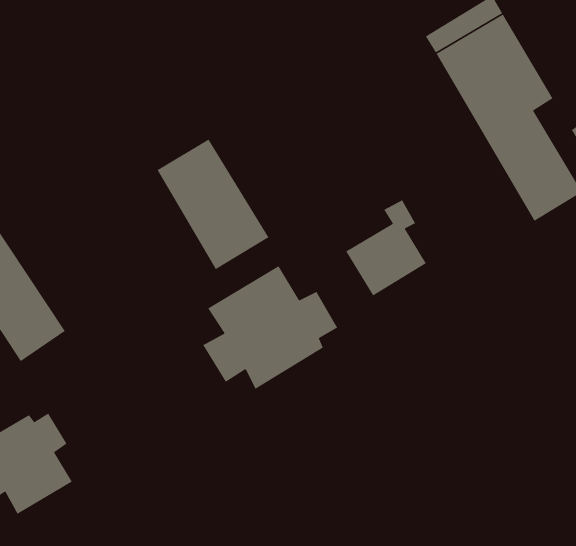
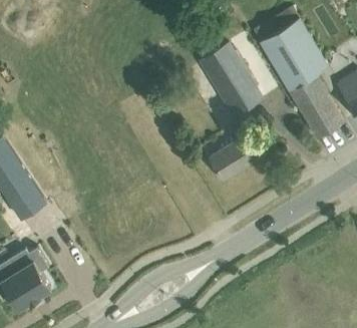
building: [157,139,269,270] -> [199,42,264,118]
building: [202,265,338,390] -> none

